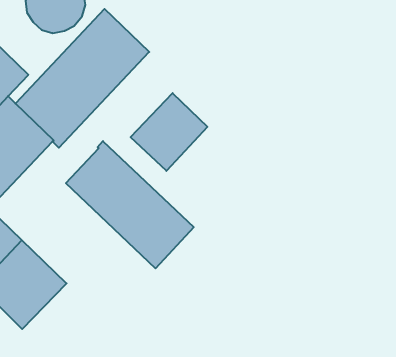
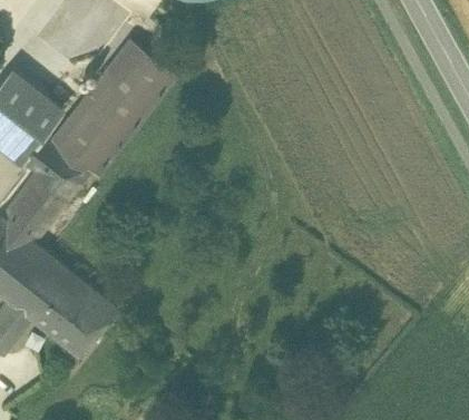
building: [131,93,207,171] -> none
building: [66,141,194,268] -> none

